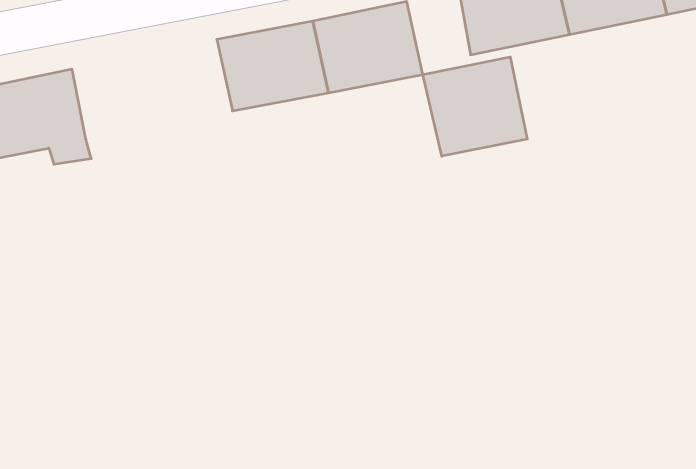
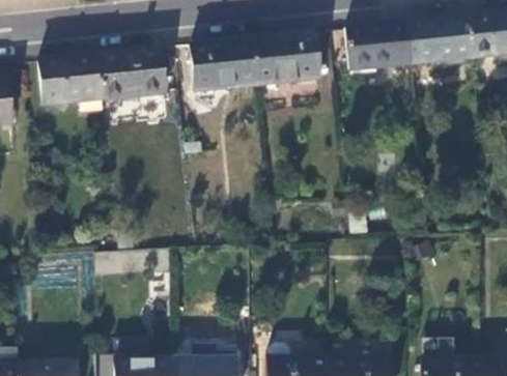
building: none -> [100,49,167,98]
building: [423,57,527,156] -> none

